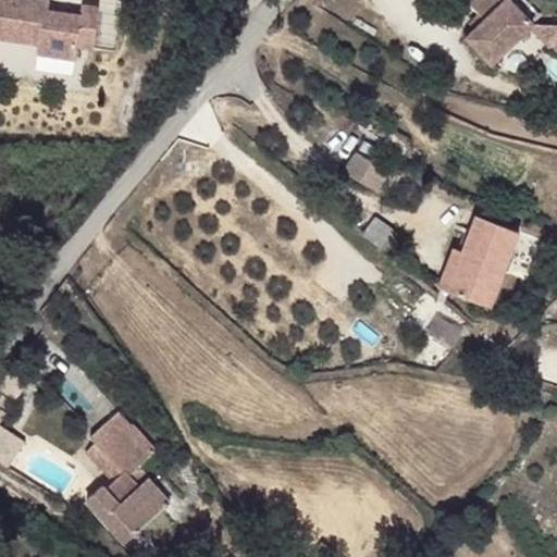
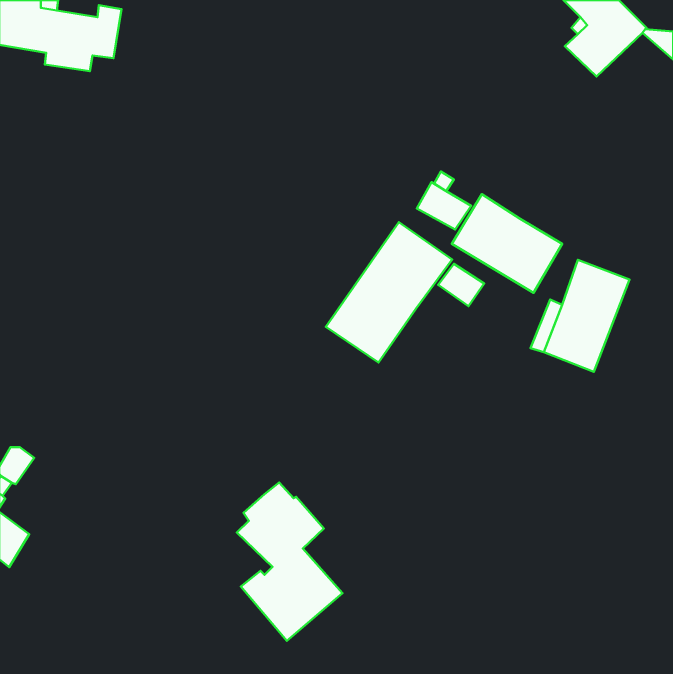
building: none -> [452,194,562,293]
building: none -> [326,222,452,363]
building: [83,411,170,542] -> [237,482,342,641]

